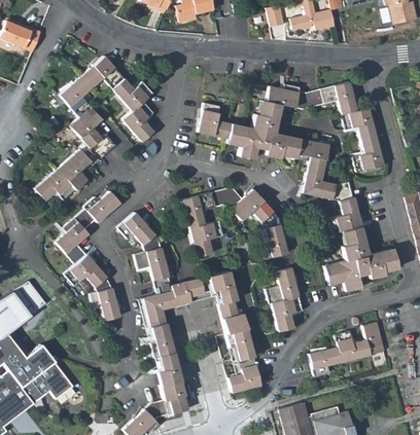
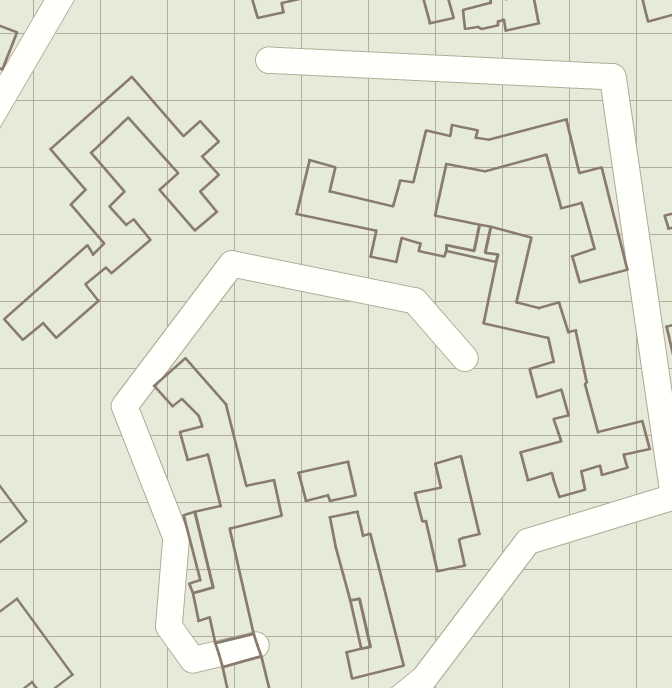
building: [184,188,288,260] -> none
building: [57,191,122,319] -> none
building: [187,277,236,301] -> none
building: [308,321,384,376] -> none

